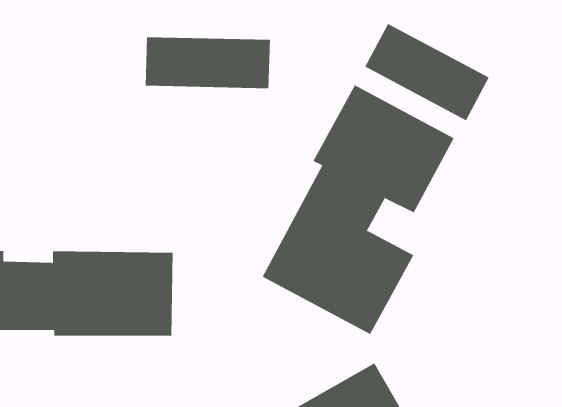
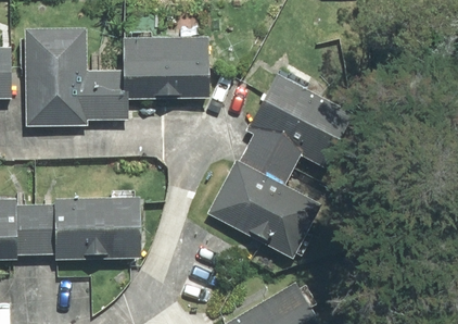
building: [365,23,489,121] -> none
building: none -> [25,28,132,127]

